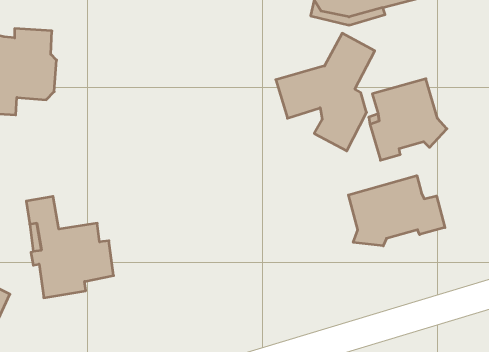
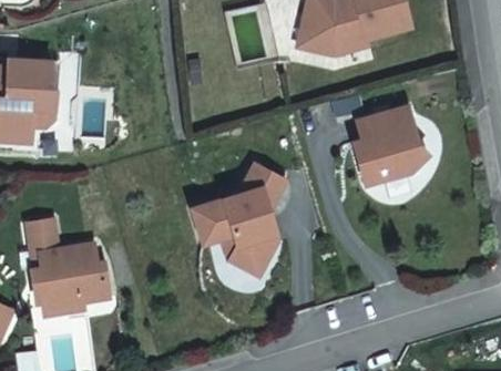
building: [276,33,375,151] -> [191,164,285,276]
building: [348,176,445,246] -> none

